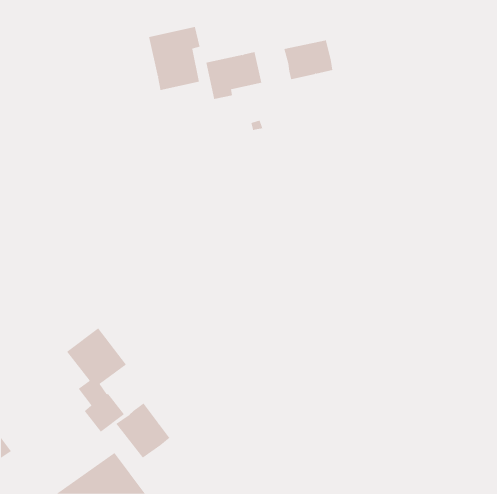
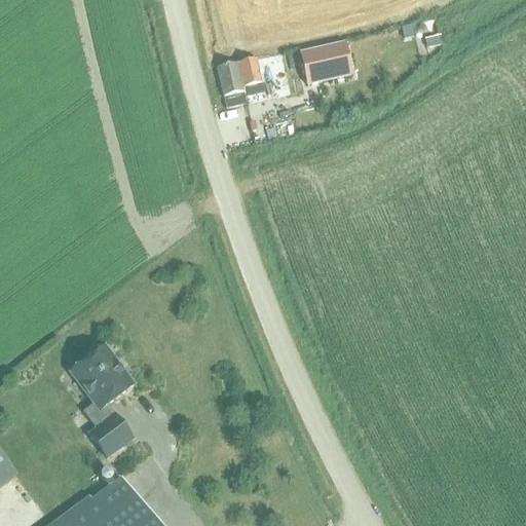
building: [149,26,200,91] -> none
building: [116,402,170,458] -> none

